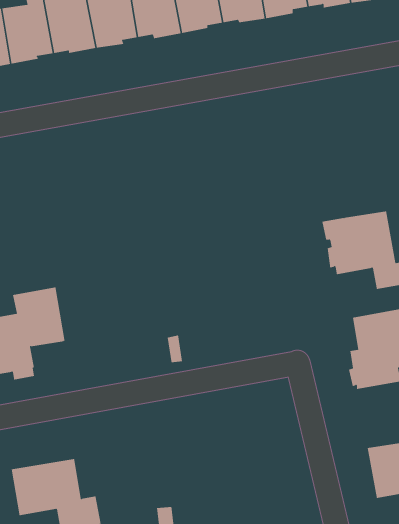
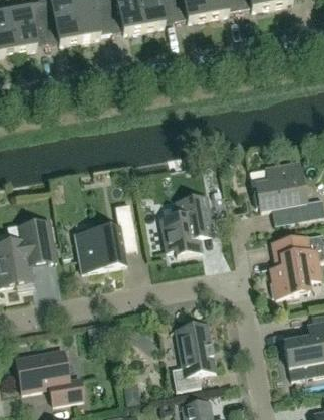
building: none -> [160,195,215,254]
building: none -> [75,203,138,271]
building: none -> [173,323,216,389]

